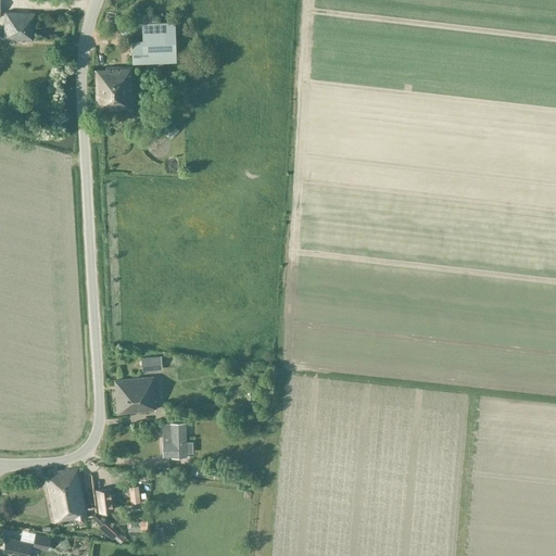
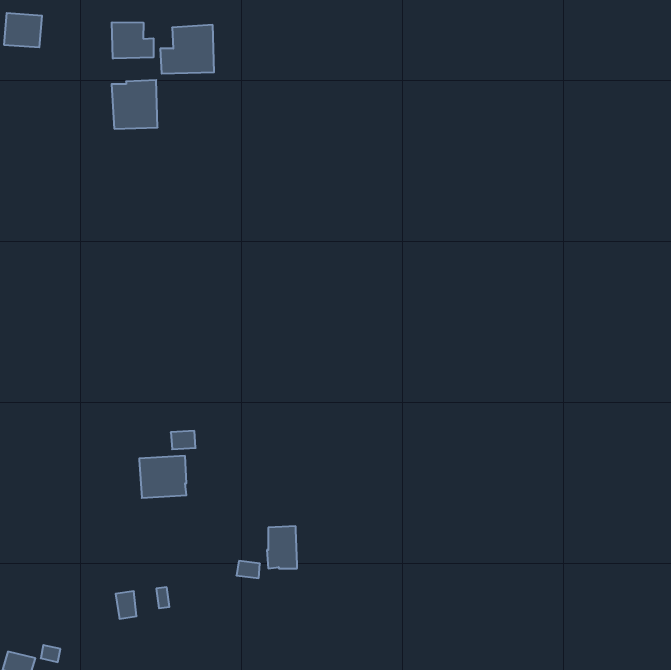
building: none -> [112,22,153,59]
building: [162,424,187,458] -> [267,526,297,568]
building: [47,469,87,522] -> none

